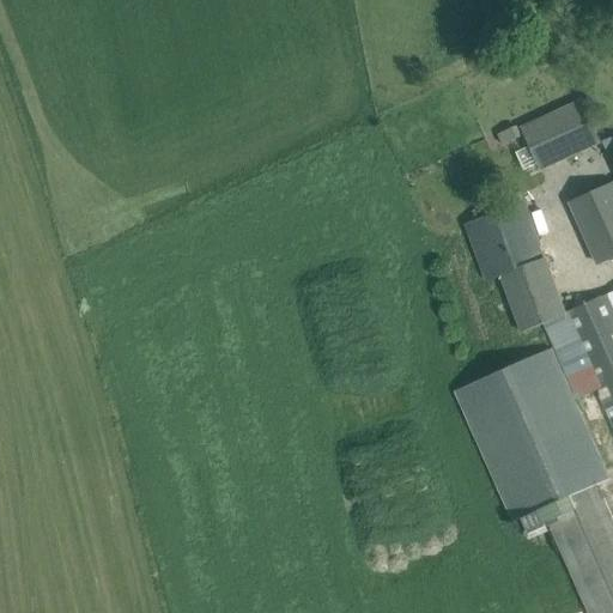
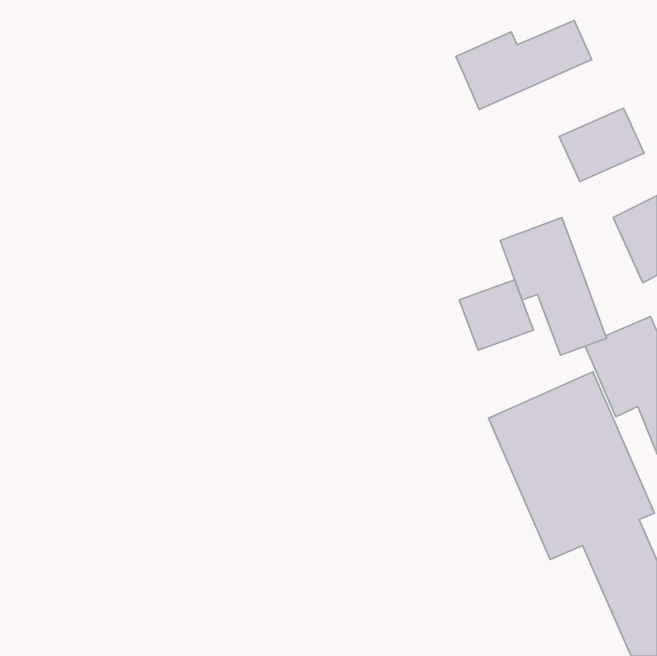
building: none -> [456,20,592,109]
building: none -> [459,280,533,350]

